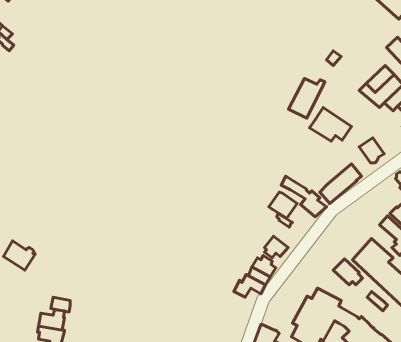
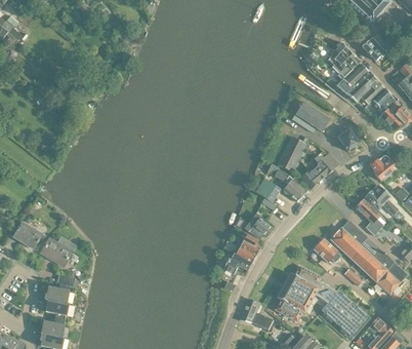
building: none -> [325,42,359,81]
building: [289,79,325,118] -> [276,135,308,171]
building: none -> [40,235,76,266]

